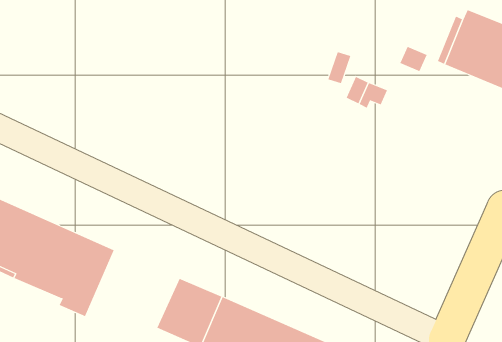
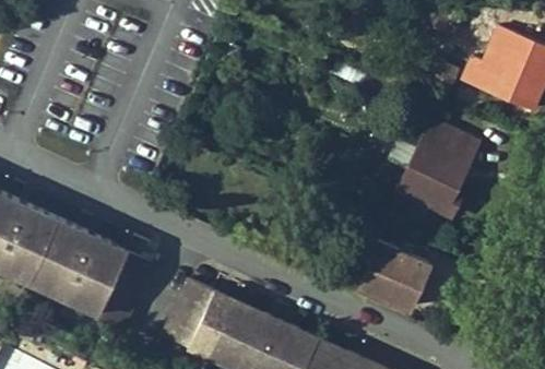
building: none -> [405,128,478,217]
building: none -> [357,226,431,303]
building: none -> [157,278,210,342]

